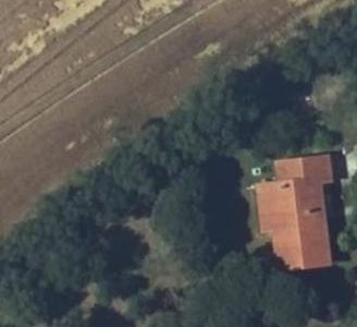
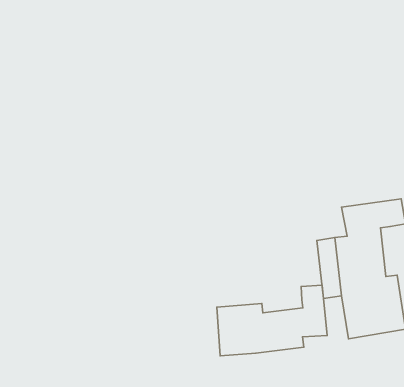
building: none -> [217,285,327,356]

